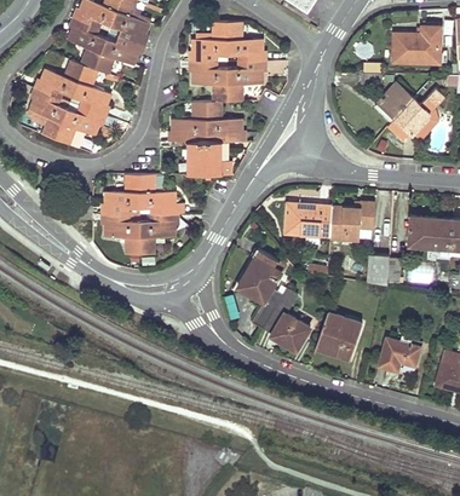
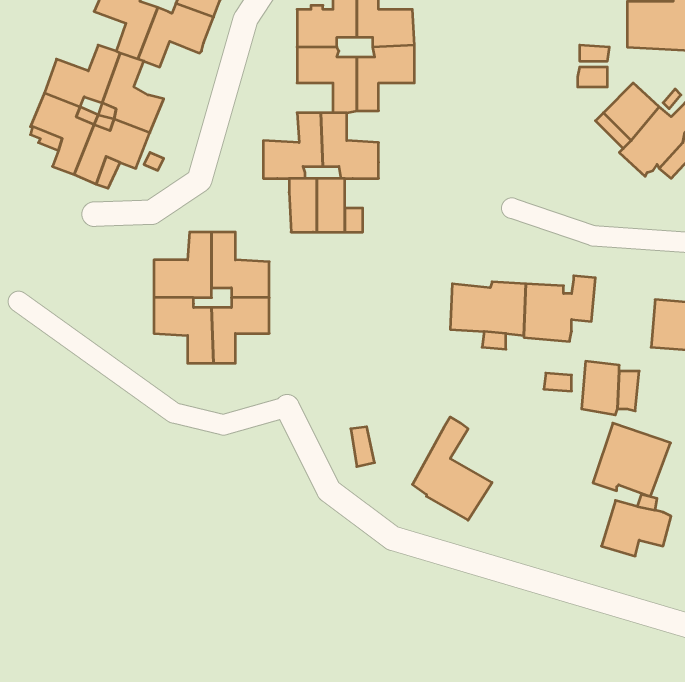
building: [237,248,286,328] -> none
building: [315,311,362,356] -> [593,423,671,497]

